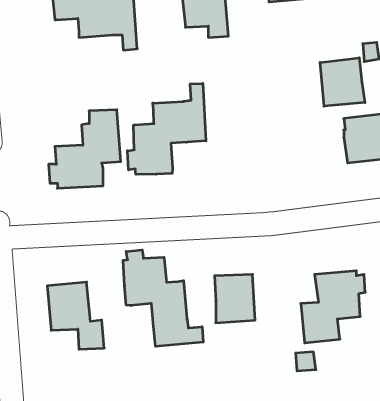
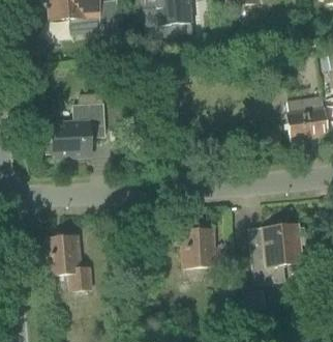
building: [320,58,365,106] -> none
building: [127,83,206,174] -> none
building: [123,250,203,346] -> none

